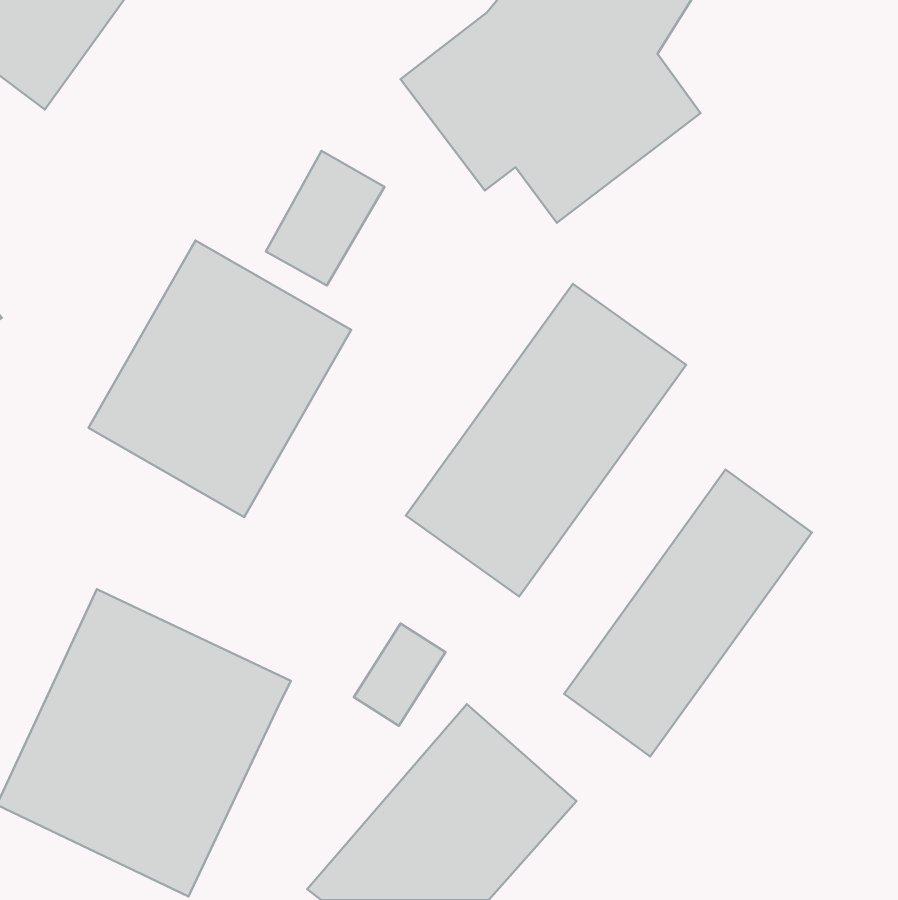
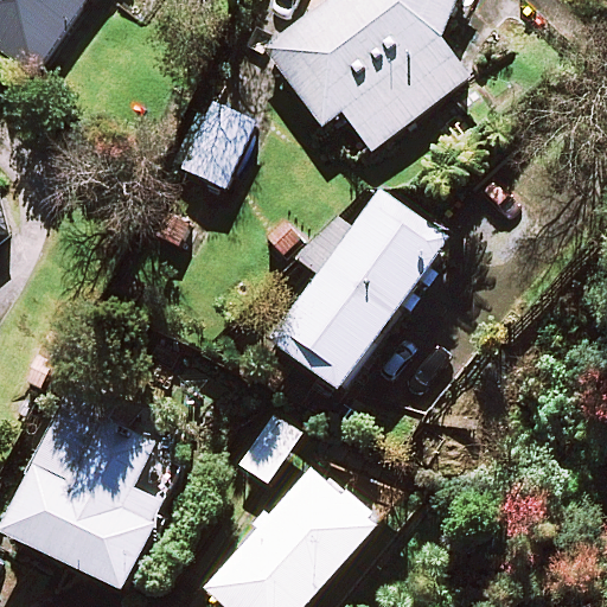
building: [88,240,351,517] -> none
building: [564,470,812,757] -> none

